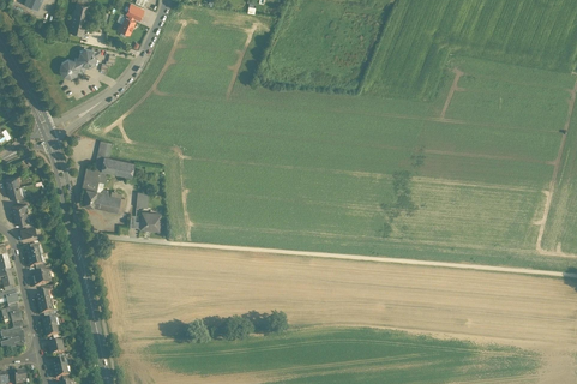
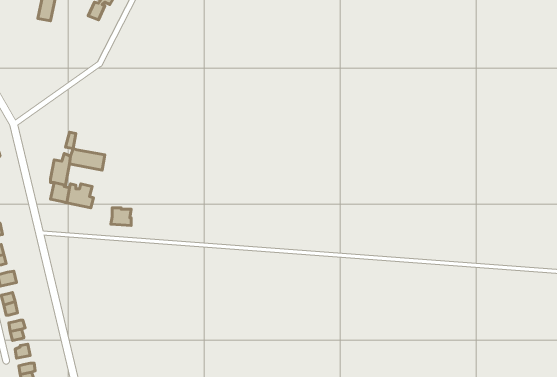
building: [60,47,96,77] -> none

